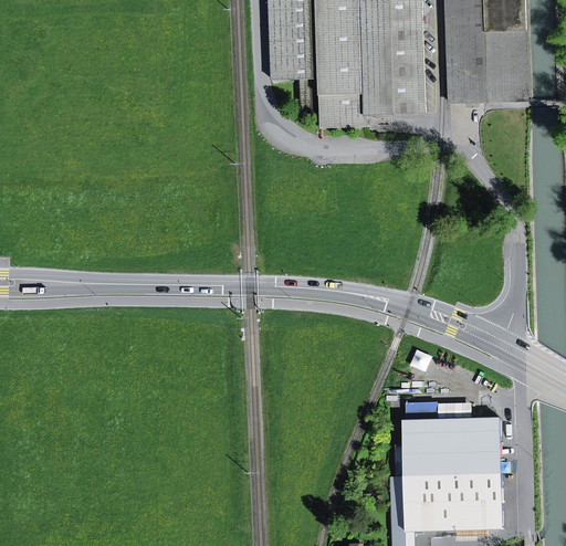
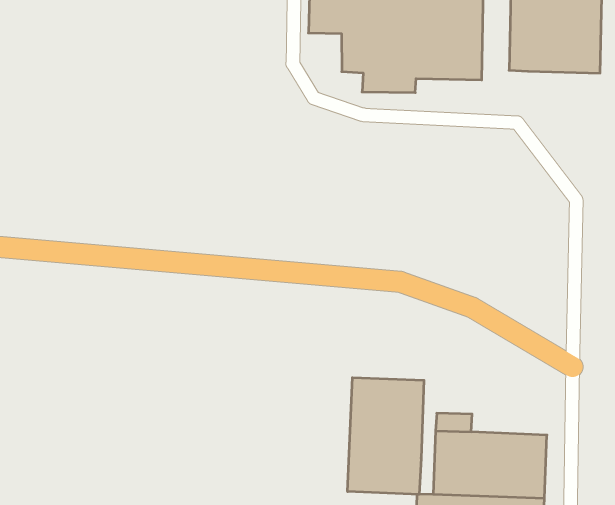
building: none -> [348,378,424,494]

